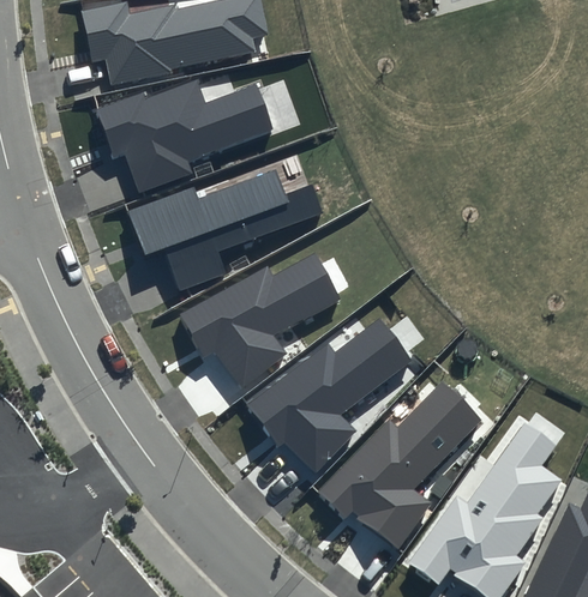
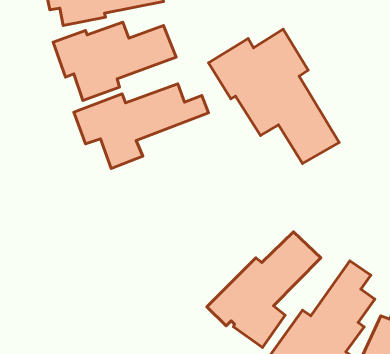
building: none -> [209,29,339,164]
building: [185,249,346,382] -> none
building: [247,319,412,472] -> none

